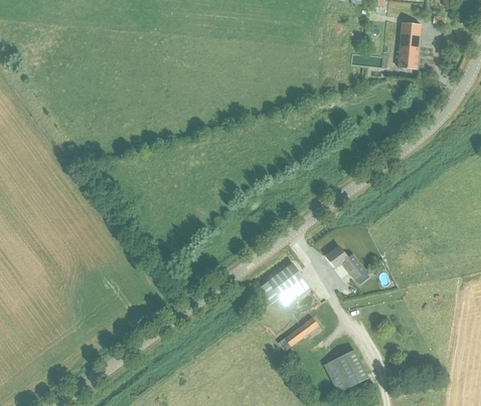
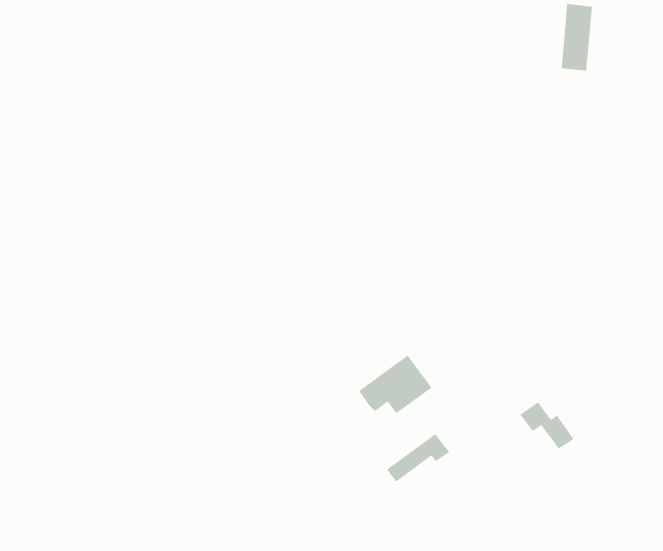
building: [325,246,363,279] -> [519,401,575,449]
building: [325,350,367,391] -> none

